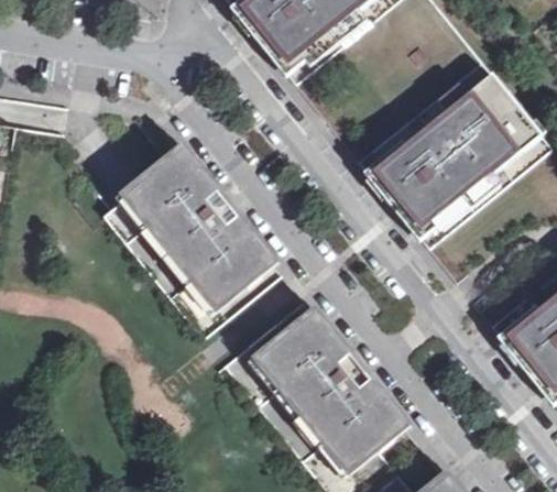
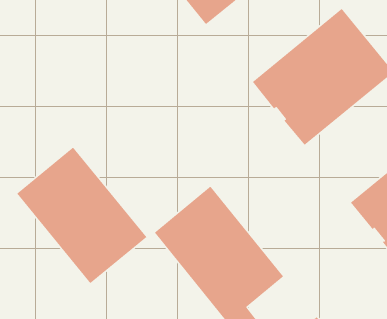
building: [109,150,287,337] -> [16,146,148,284]

